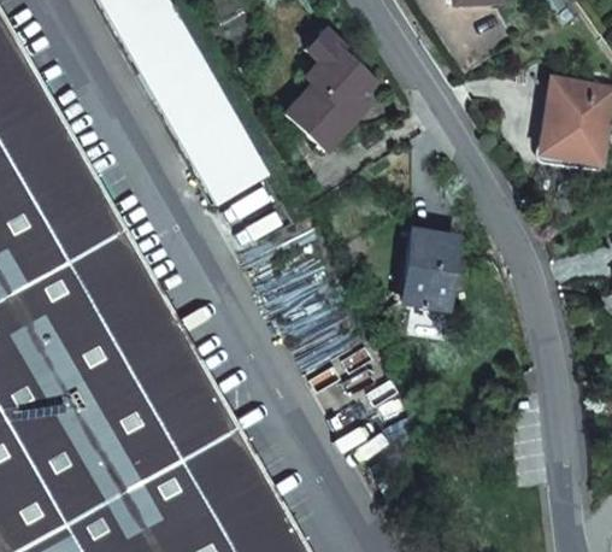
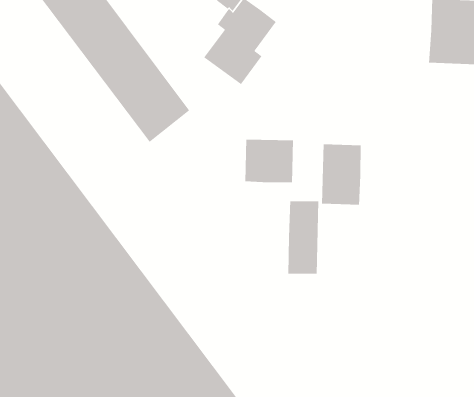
building: none -> [244,139,294,183]
building: none -> [288,200,319,275]

